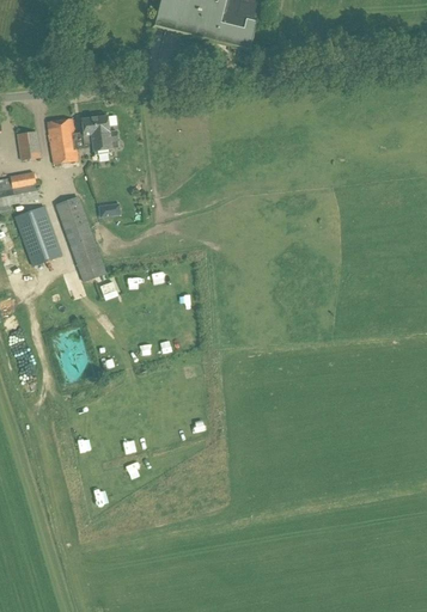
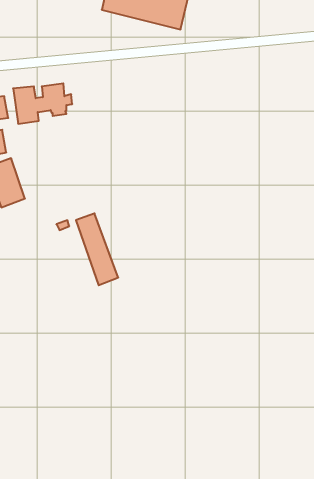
building: [55,194,106,281] -> [76,213,118,285]

